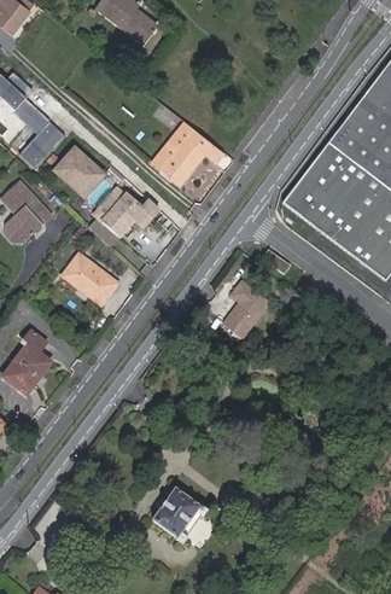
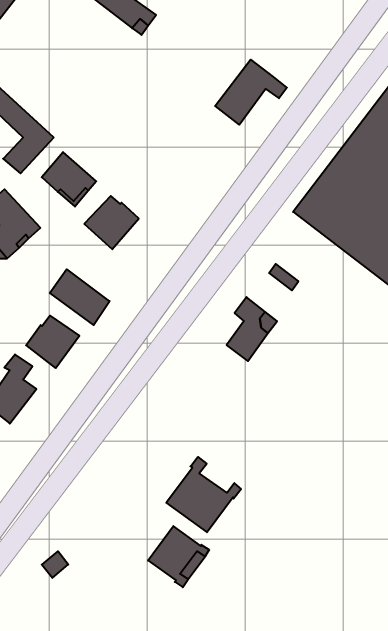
building: [159,126,224,185] -> [215,60,287,125]
building: none -> [26,316,79,368]
building: none -> [166,457,241,532]

